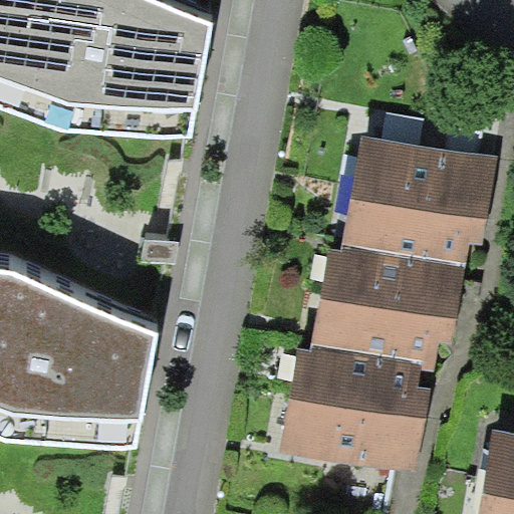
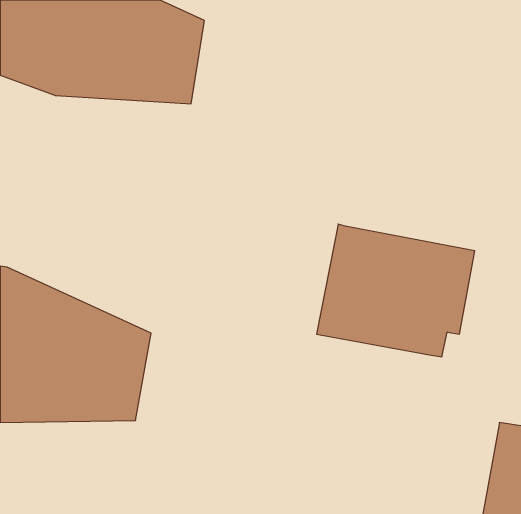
building: [341,130,498,256] -> none
building: [280,335,433,470] -> none

